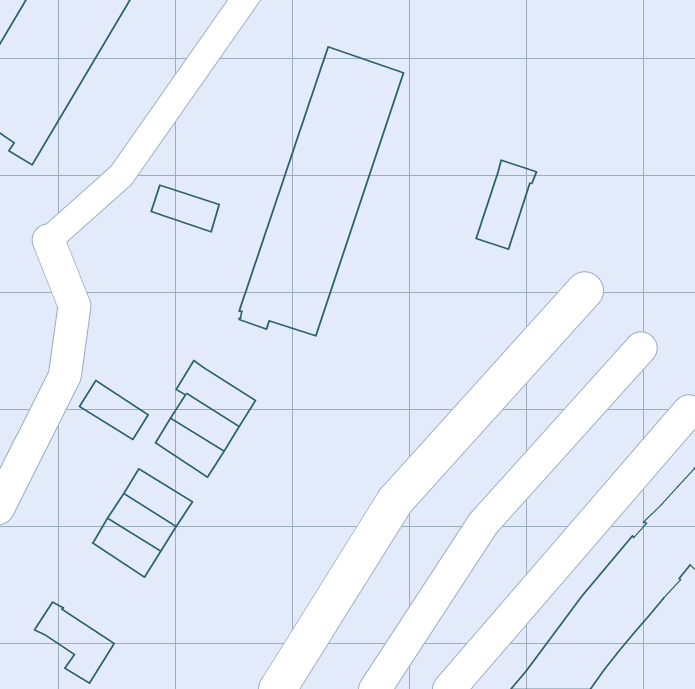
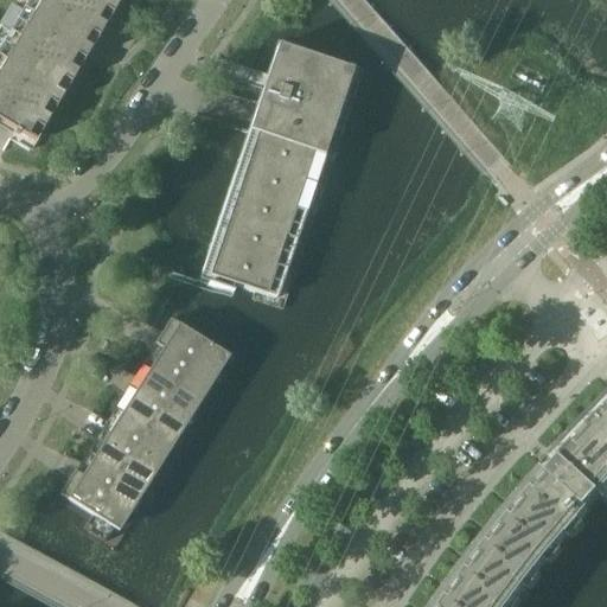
building: [476,160,536,249] -> none
building: [151,185,219,232] -> none
building: [79,381,148,440] -> [123,385,183,436]
building: [35,602,114,683] -> [59,466,128,536]

